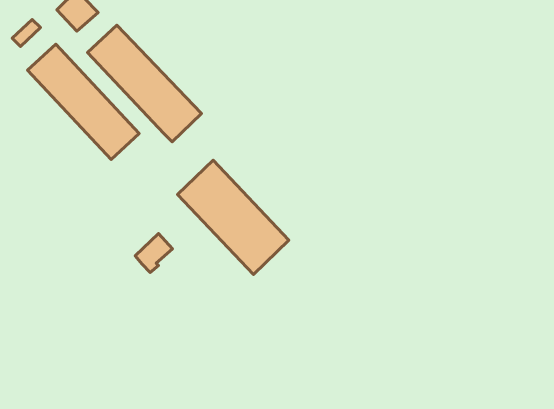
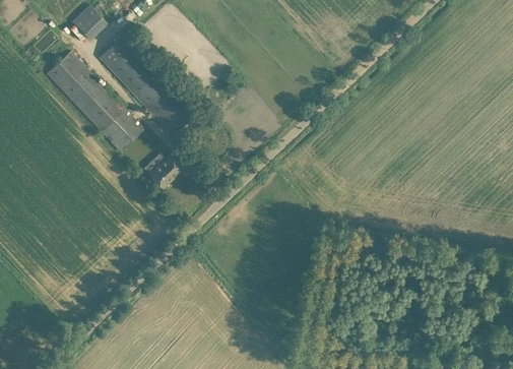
building: [177,160,289,274] -> none
building: [135,234,173,272] -> [147,155,180,188]

